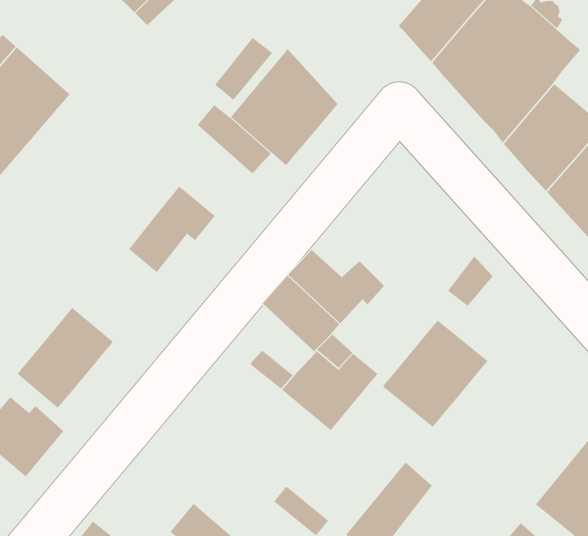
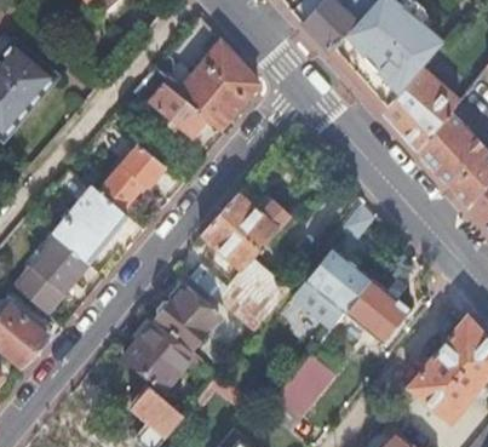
building: none -> [53,188,124,264]
building: none -> [343,273,409,344]
building: none -> [156,288,217,348]
building: none -> [122,323,190,390]

